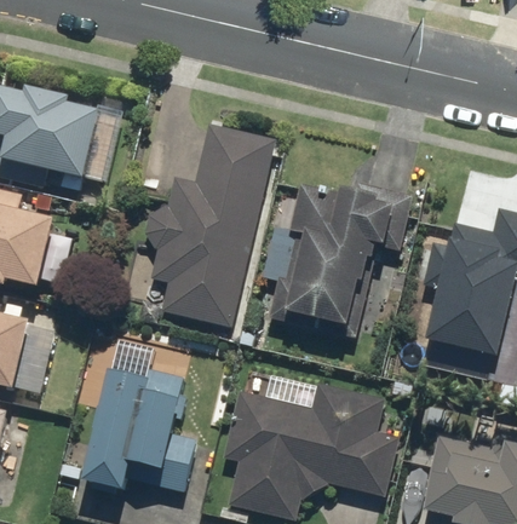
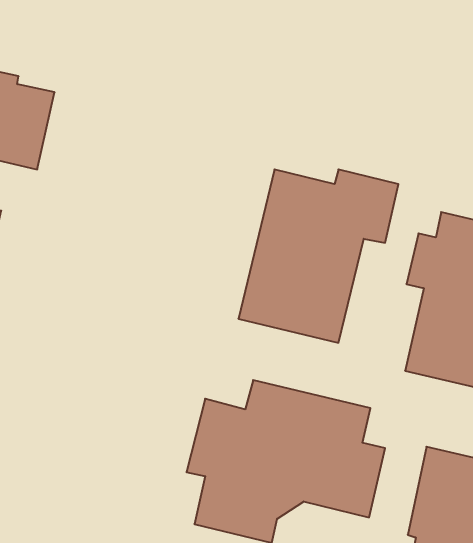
building: [150,121,276,328] -> none
building: [77,334,199,494] -> none

